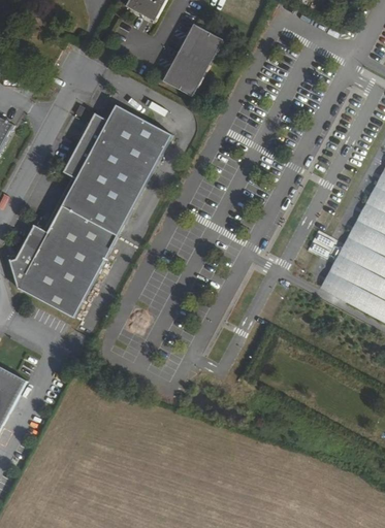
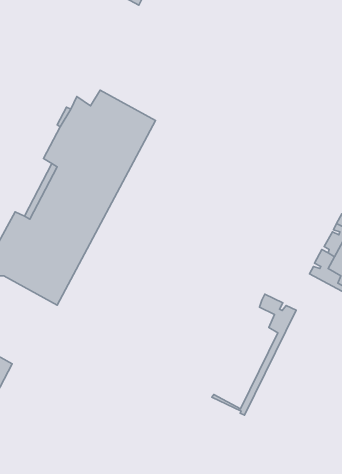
building: [160,24,222,98] -> none
building: none -> [212,294,296,415]

